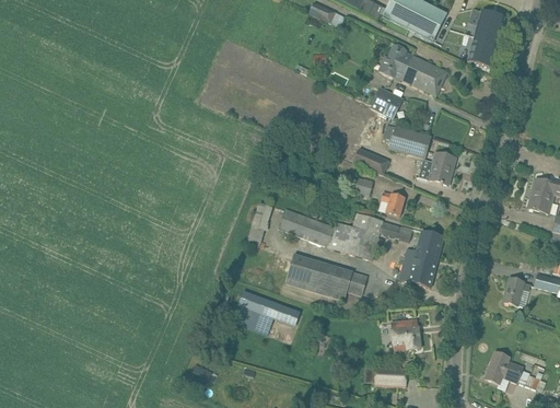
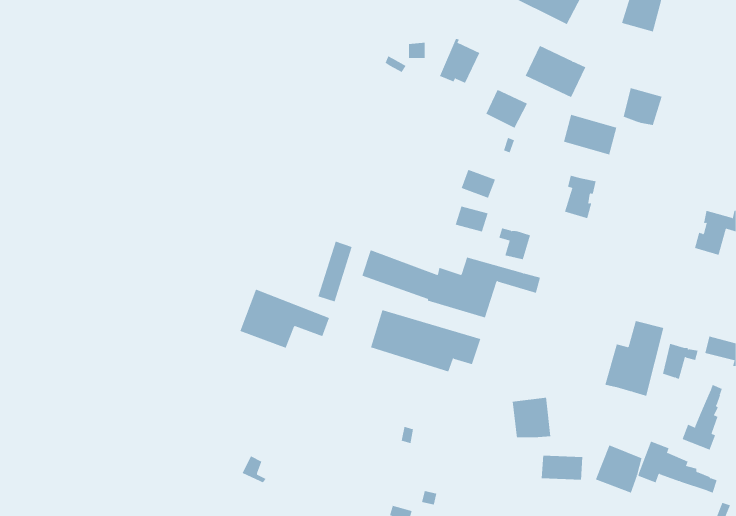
building: [467,38,497,67] -> [623,88,662,126]
building: [381,44,411,78] -> [439,38,480,83]
building: [389,126,430,156] -> [563,114,617,155]
building: [398,231,443,288] -> [604,320,664,396]
building: [232,290,300,335] -> [239,289,330,349]
building: none -> [682,384,723,450]
building: none -> [595,445,642,494]
building: [374,366,406,385] -> [541,455,583,480]

